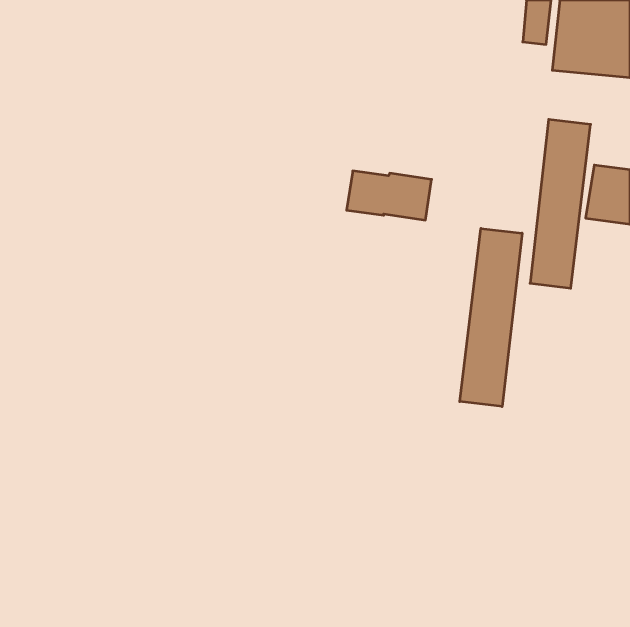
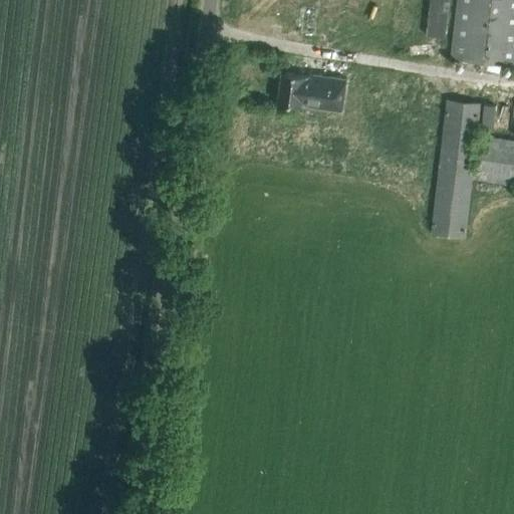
building: [347,171,432,220] -> [278,72,347,112]
building: [460,228,522,407] -> none

